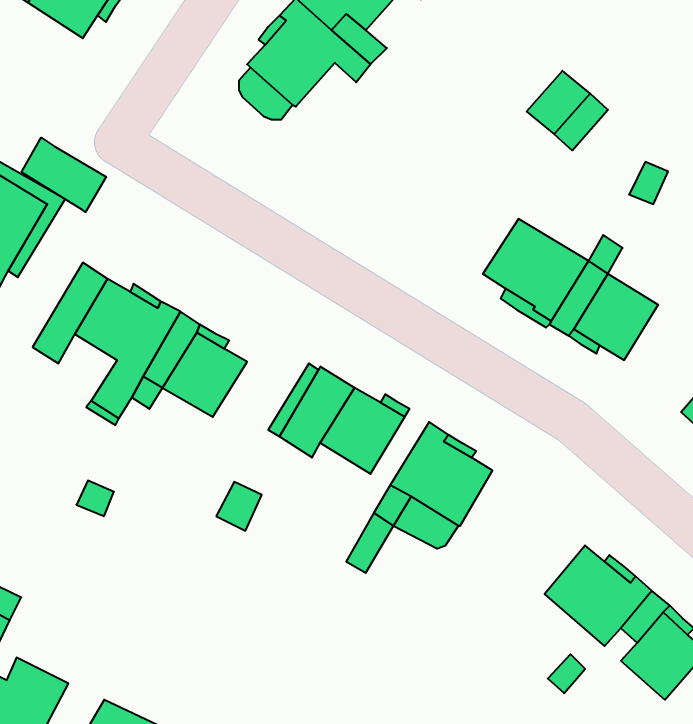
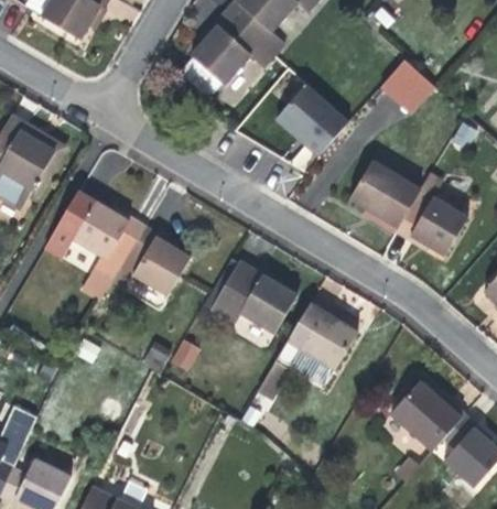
building: none -> [275,84,349,155]
building: [22,138,106,212] -> none

